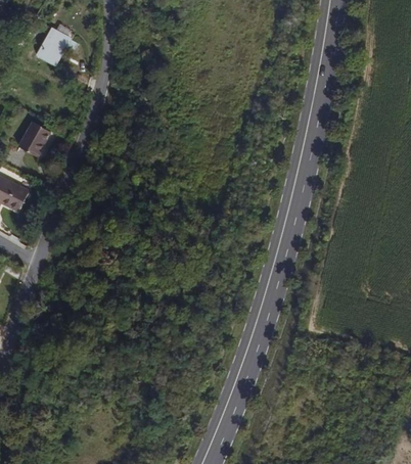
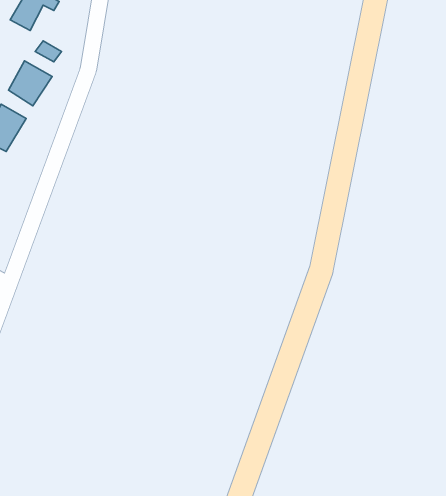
building: none -> [8,61,52,106]

